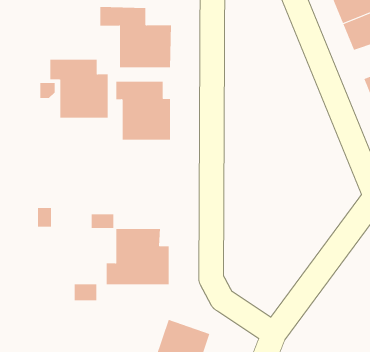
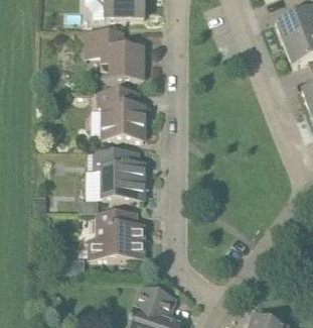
building: [50,59,109,118] -> [96,149,144,198]

